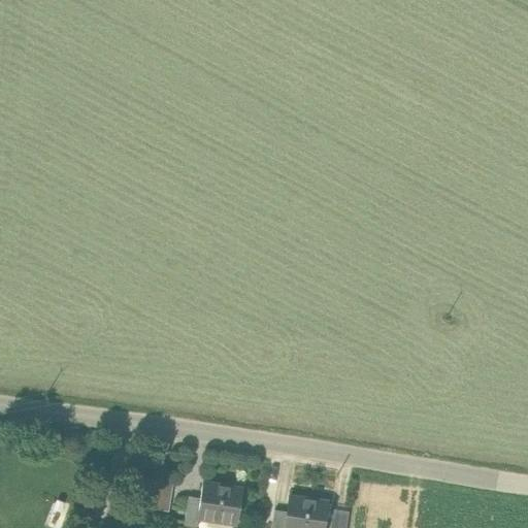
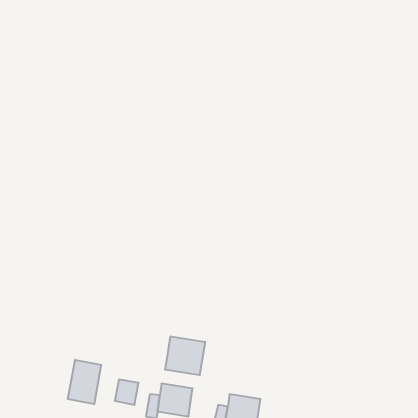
building: none -> [165,336,205,375]
building: none -> [68,360,101,404]

